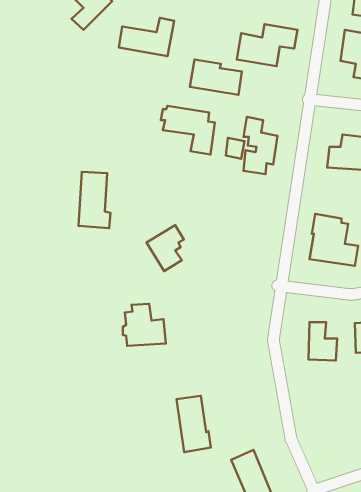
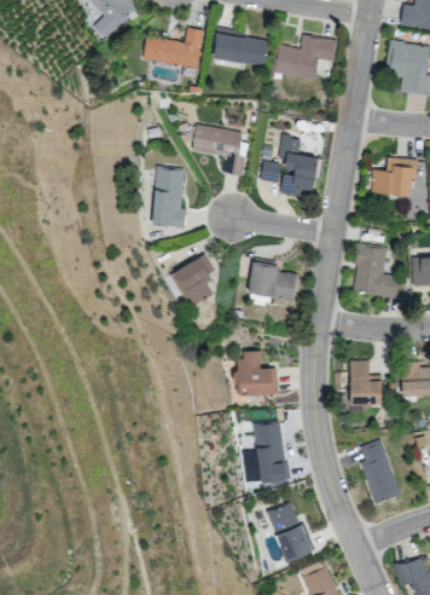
building: [190,59,242,95] -> [211,29,268,68]
building: [78,172,110,228] -> [151,166,186,227]
building: none -> [246,261,297,301]
building: [123,304,166,346] -> [232,351,279,397]
building: none -> [360,440,401,506]
building: [177,396,211,452] -> [252,422,290,484]

